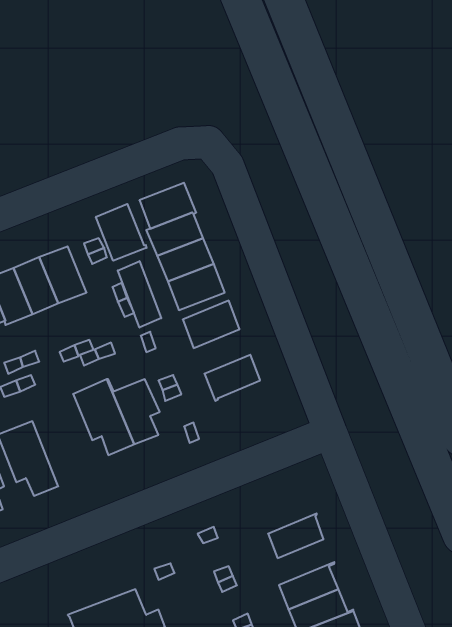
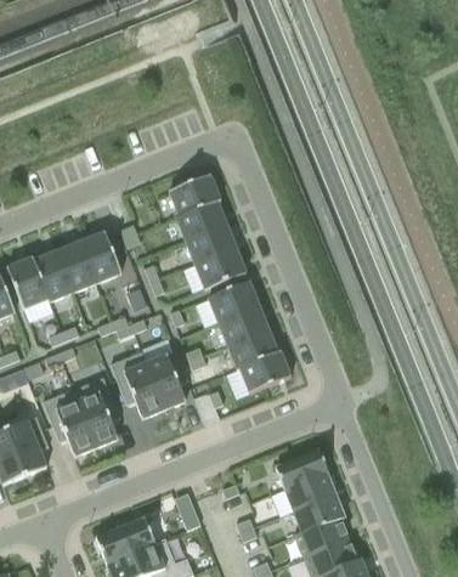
building: [96,204,147,261] -> none
building: [118,261,161,328] -> none
building: none -> [217,306,268,346]
building: none -> [239,350,290,394]
building: none -> [73,377,119,447]
building: none -> [275,449,328,490]
building: none -> [293,494,344,536]
building: none -> [95,514,165,562]

